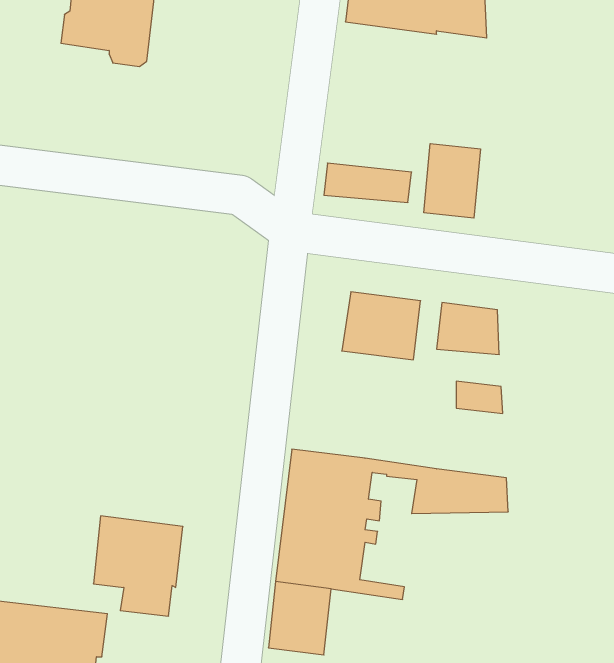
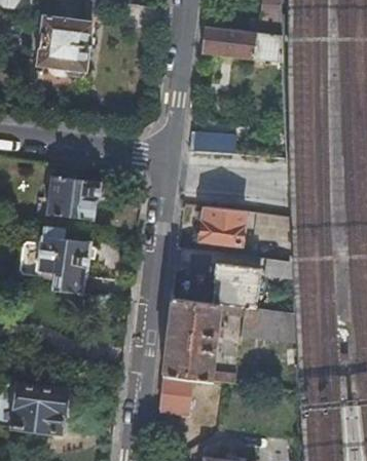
building: [424,144,480,218] -> none
building: none -> [46,178,100,222]
building: none -> [215,263,261,308]
building: [93,516,183,616] -> [38,238,89,296]

